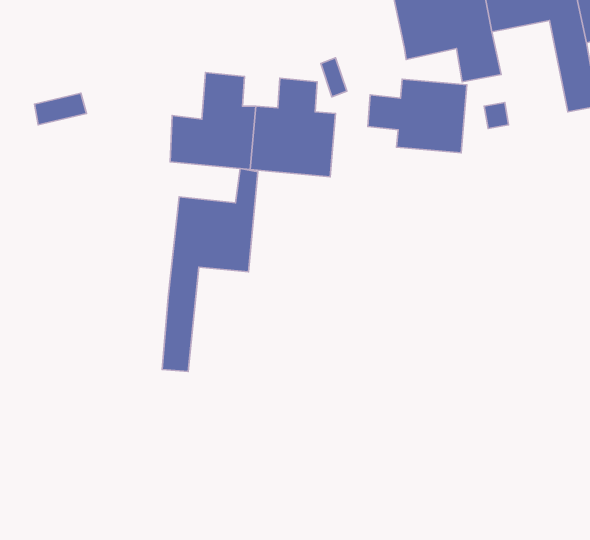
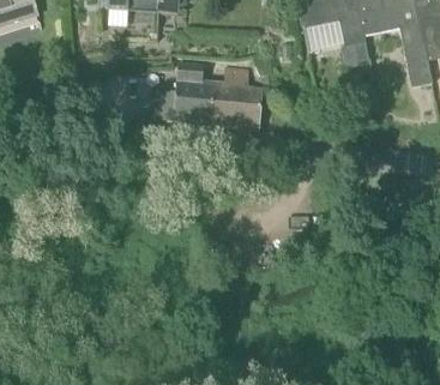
building: [368,79,467,153] -> none
building: [162,168,258,372] -> none

